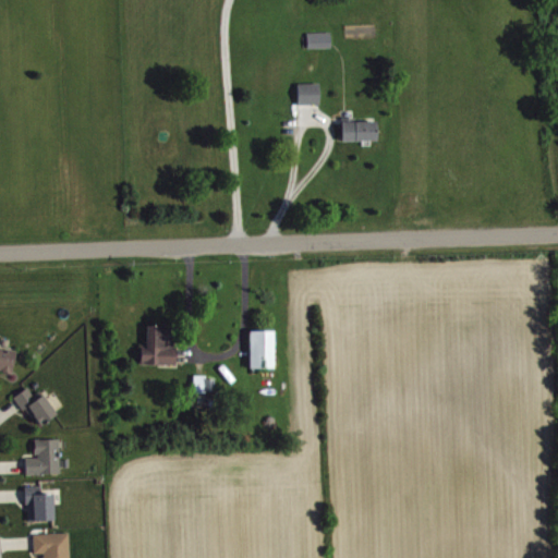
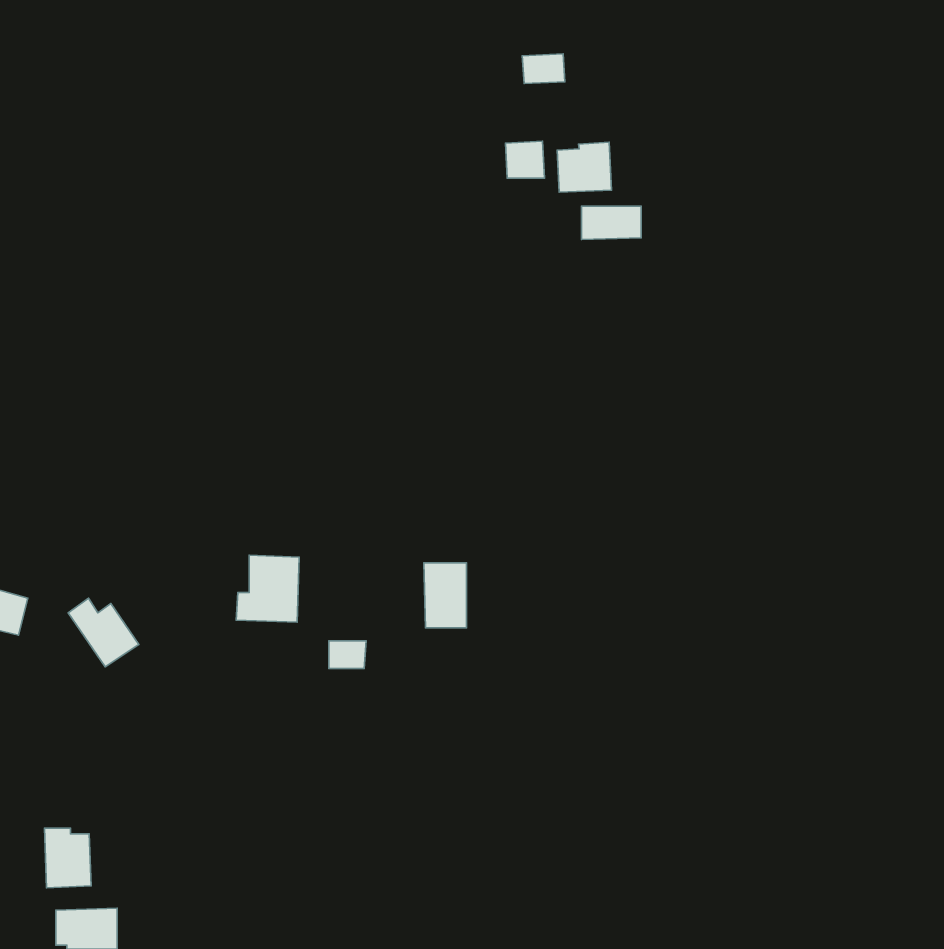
building: none -> [557,142,612,192]
building: [15,387,57,427] -> [68,598,139,667]
building: [25,438,60,474] -> none

